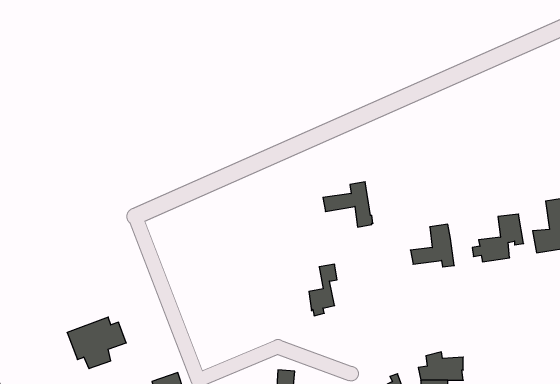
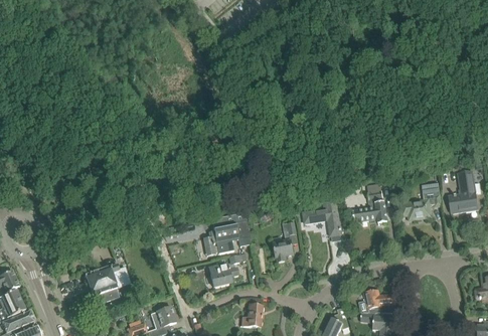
building: [323,182,373,227] -> [302,200,341,235]
building: none -> [202,211,251,253]
building: none -> [209,254,241,286]

